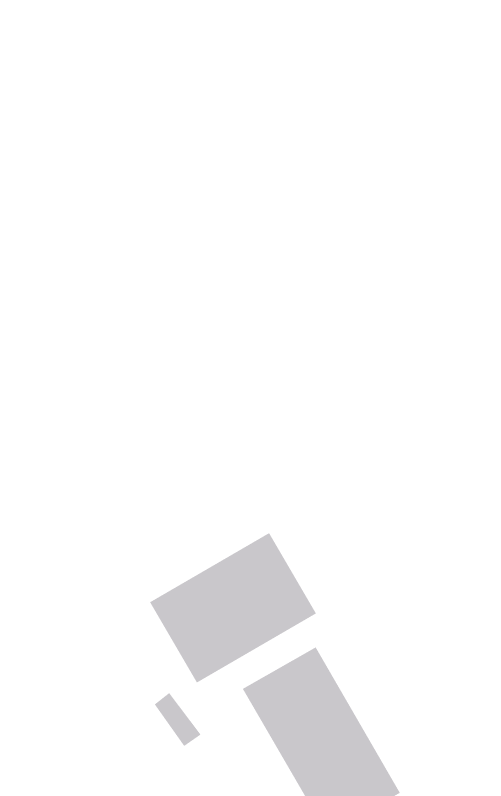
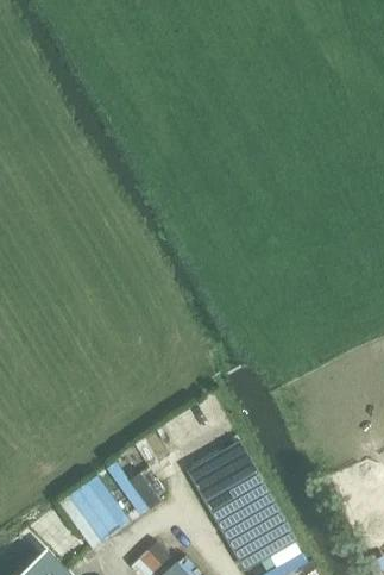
building: [149,532,317,683] -> none

